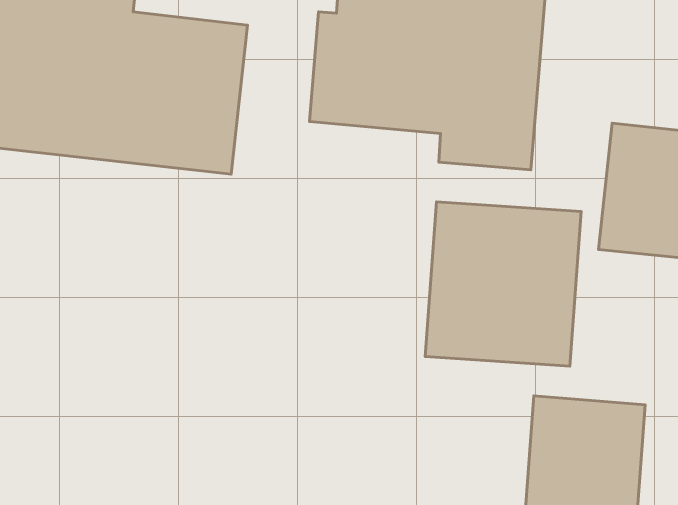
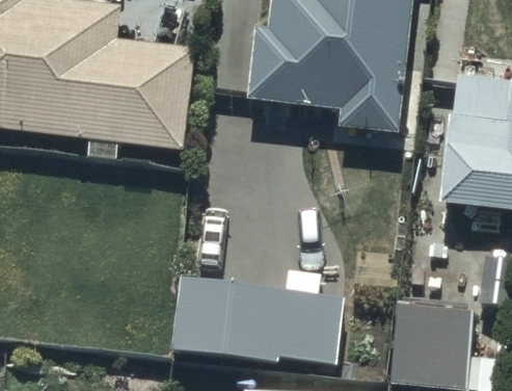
building: [425,202,581,366] -> none
building: none -> [173,275,347,366]

